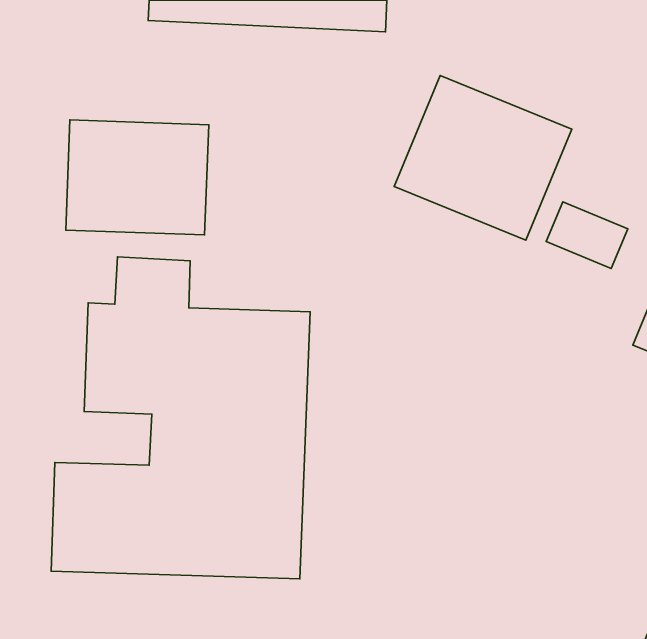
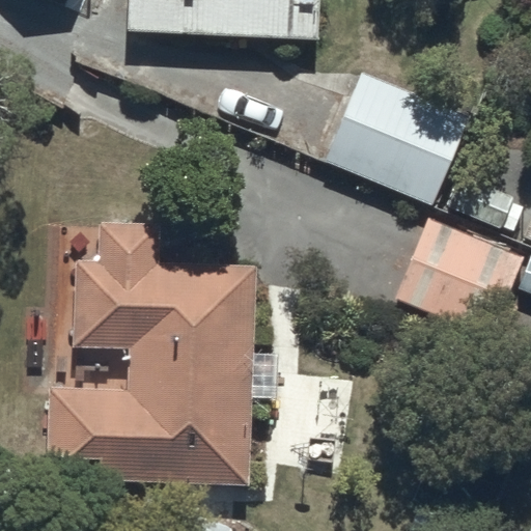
building: [66,120,209,235] -> none
building: none -> [394,218,523,337]

